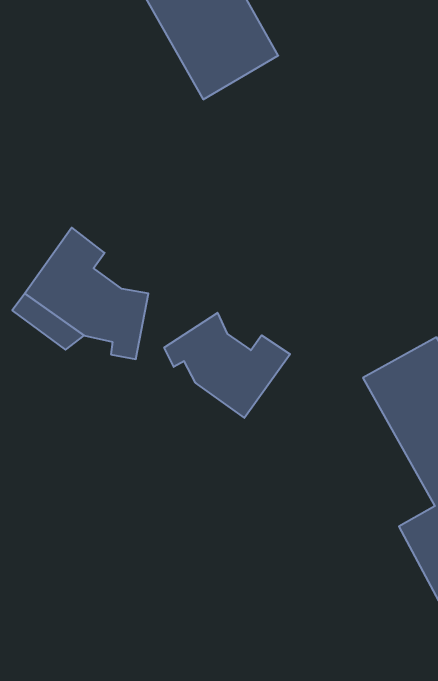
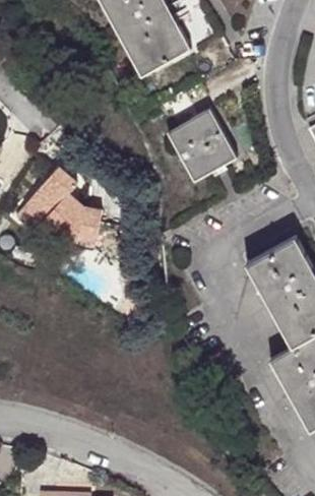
building: none -> [167,112,238,184]
building: [164,313,290,418] -> none

